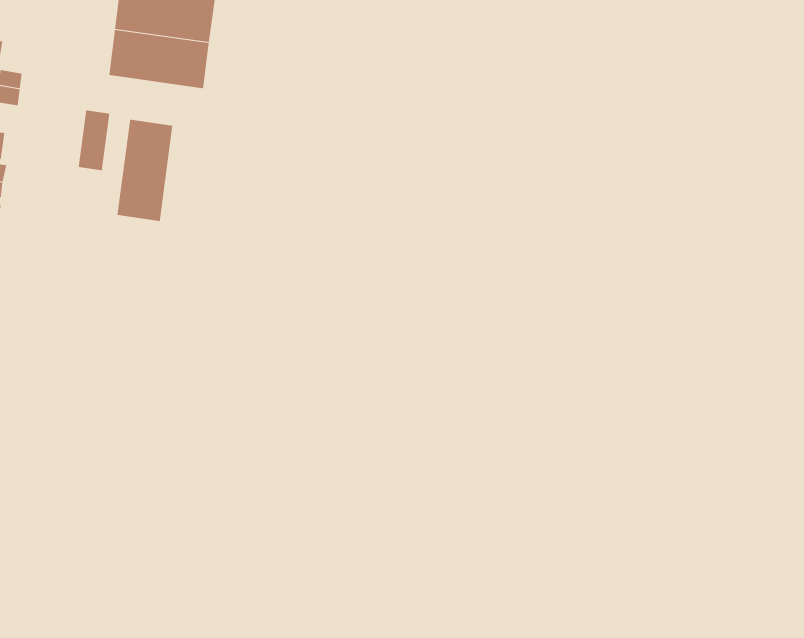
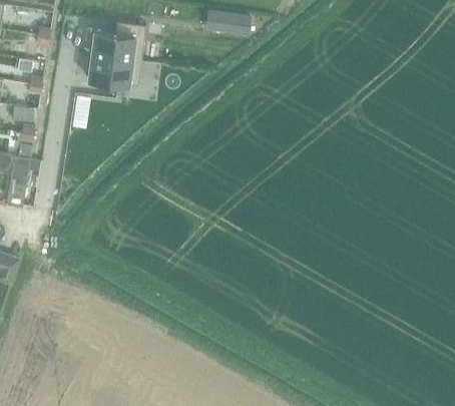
building: [117,119,173,222] -> none

